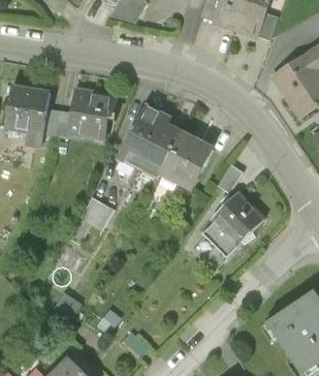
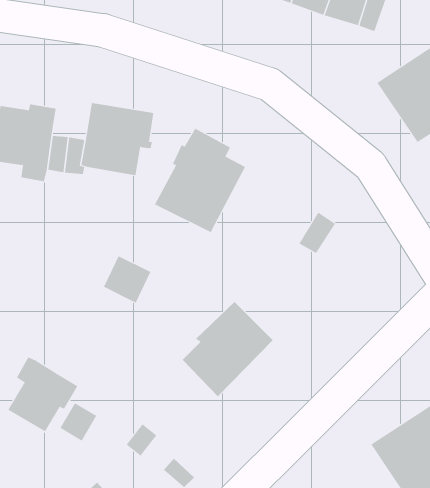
building: [160,133,213,190] -> none
building: [201,192,264,258] -> [182,301,273,397]
building: none -> [7,356,78,432]

